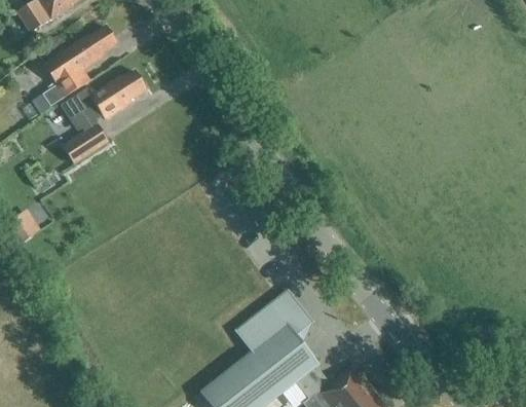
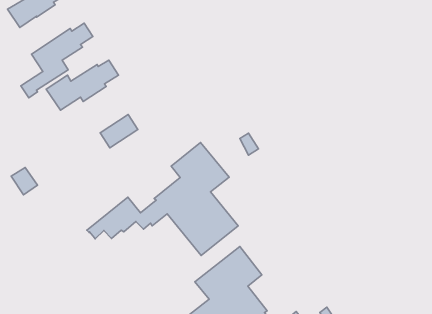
building: [64,124,108,163] -> [100,114,138,148]
building: none -> [87,142,238,255]

